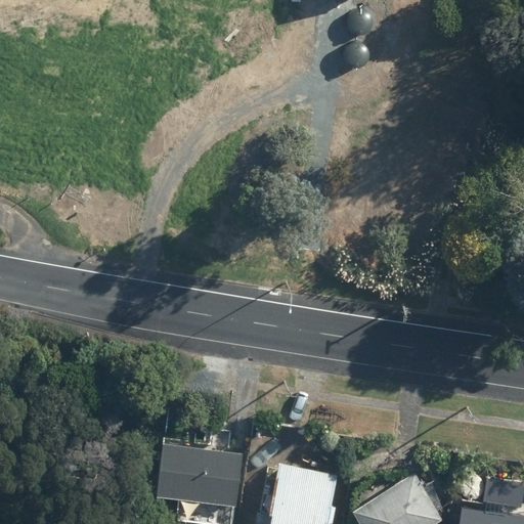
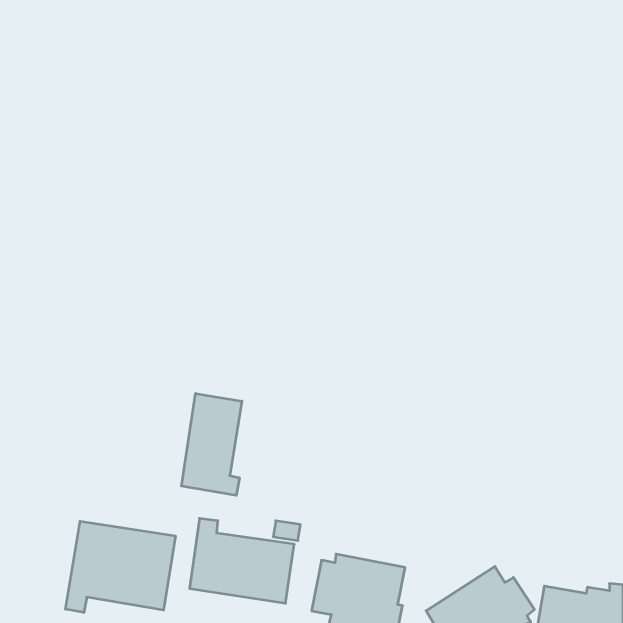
building: none -> [181,393,242,495]
building: none -> [66,521,175,613]

